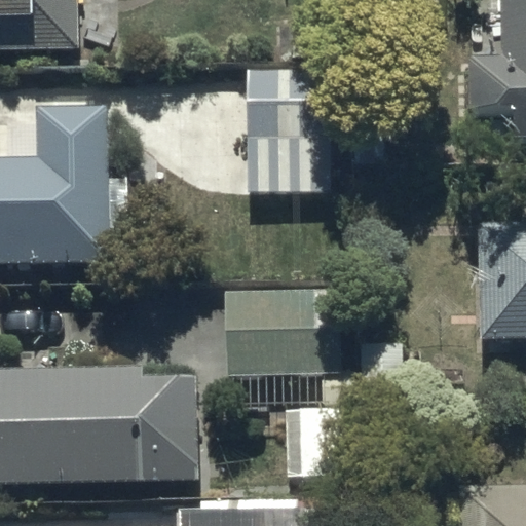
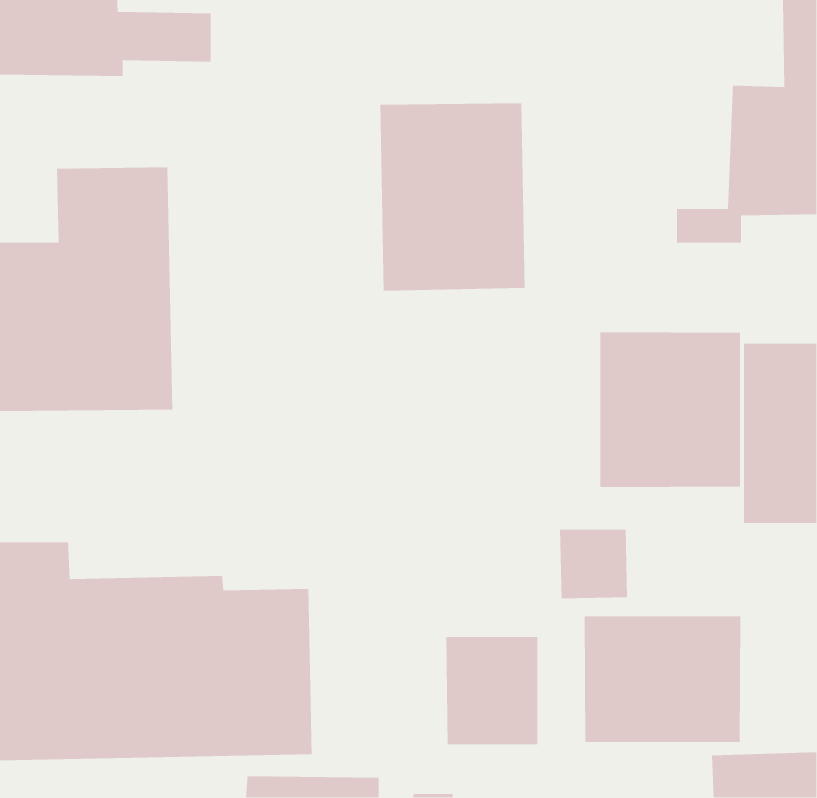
building: none -> [599,332,741,488]
building: [226,283,353,403] -> none
building: none -> [584,615,741,743]

